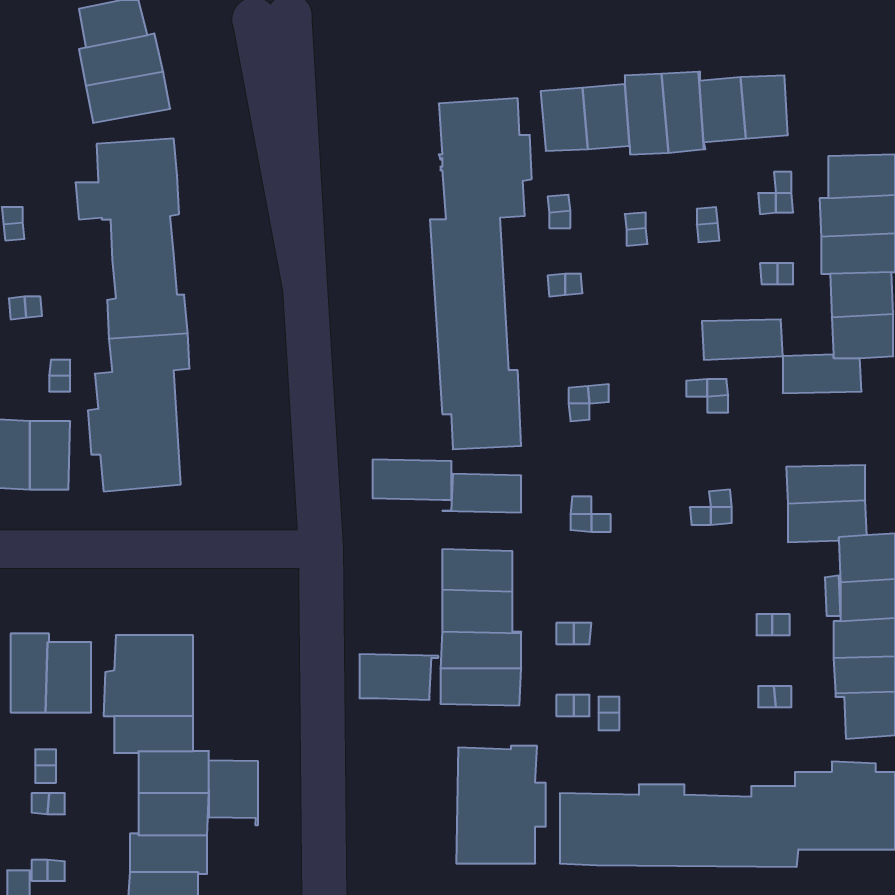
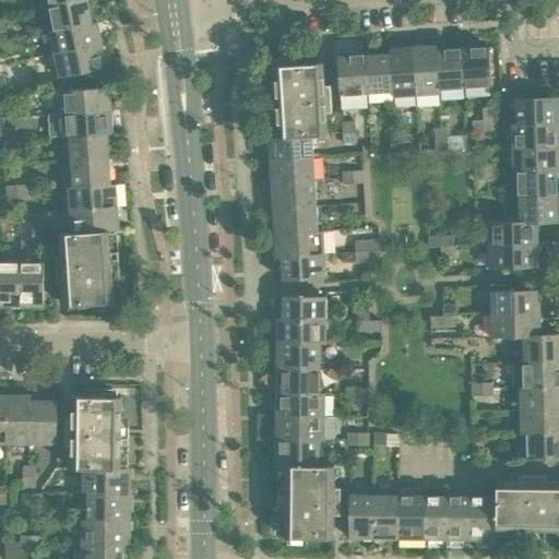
building: [702,319,783,360] -> [487,245,537,270]
building: [373,460,452,500] -> [275,319,324,344]
building: [359,654,438,700] -> [274,439,323,467]
building: [209,760,258,825] -> none

